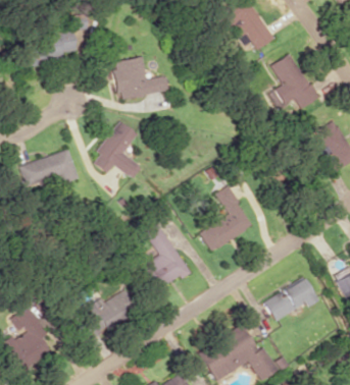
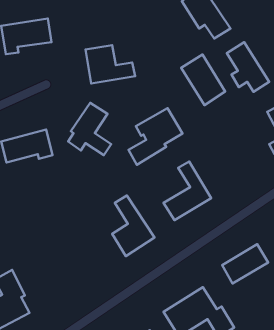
building: none -> [181,54,225,105]
building: none -> [129,108,183,165]
building: [83,292,136,339] -> none

